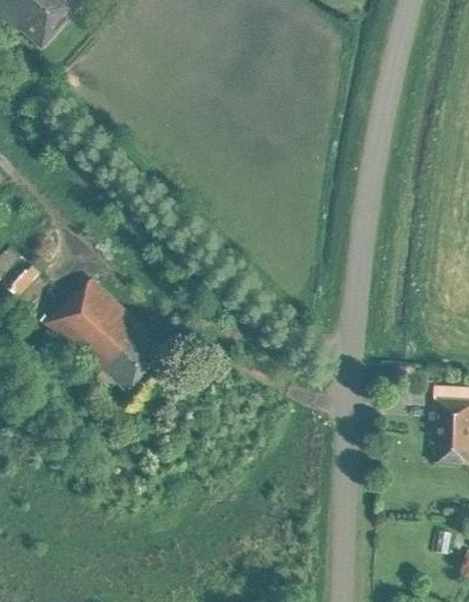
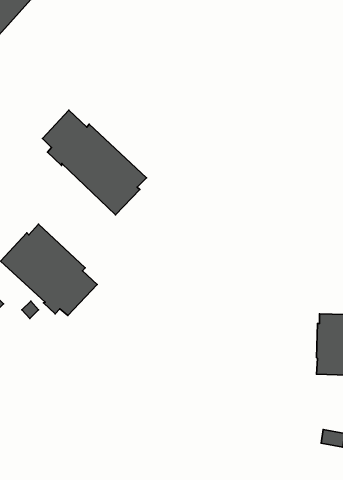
building: none -> [42,110,146,215]

